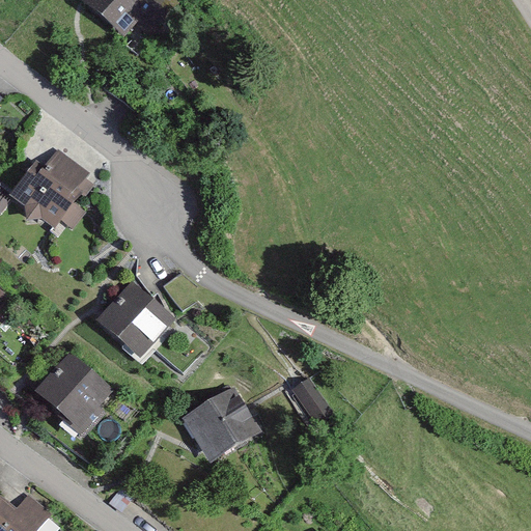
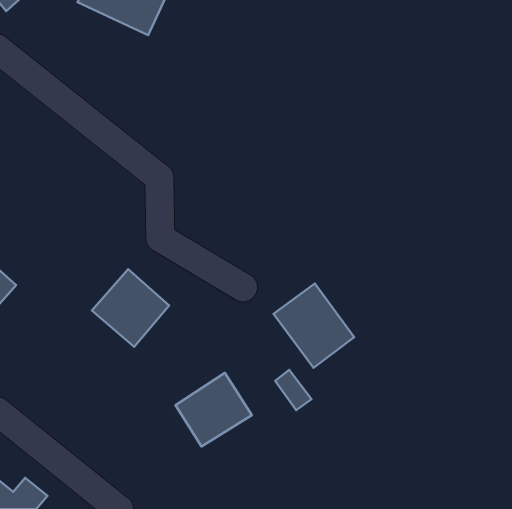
building: [21,160,93,236] -> none
building: none -> [273,283,354,368]
building: [31,348,116,431] -> none

